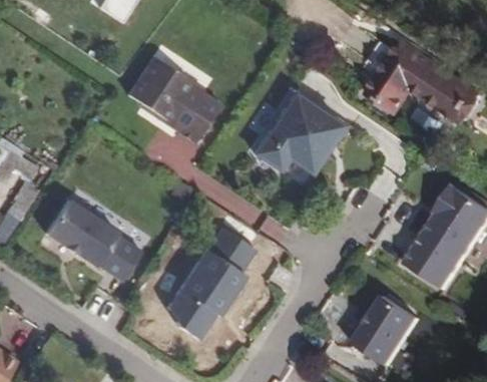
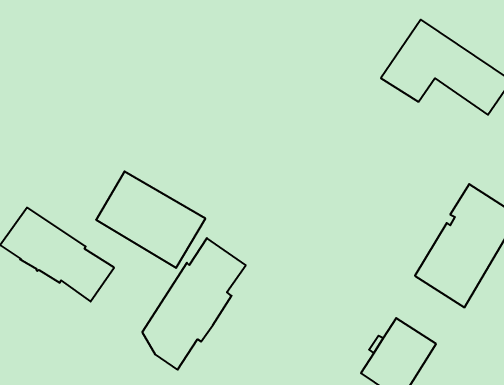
building: [133,67,226,149] -> [96,171,205,268]
building: [255,98,350,185] -> none

